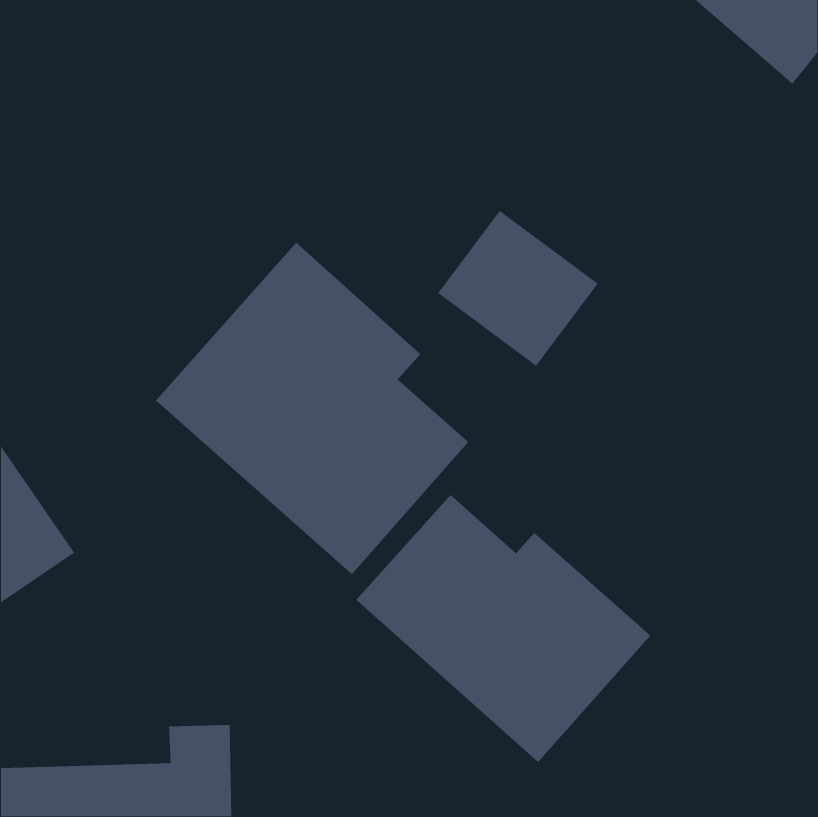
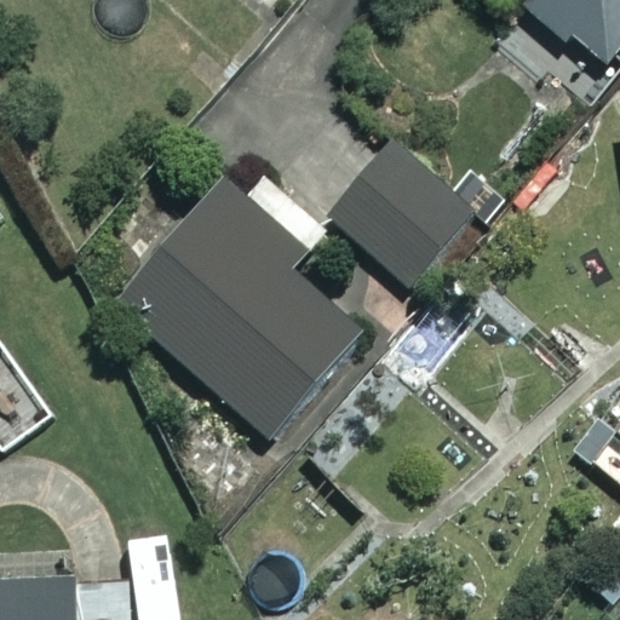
building: [356,494,651,763] -> none

